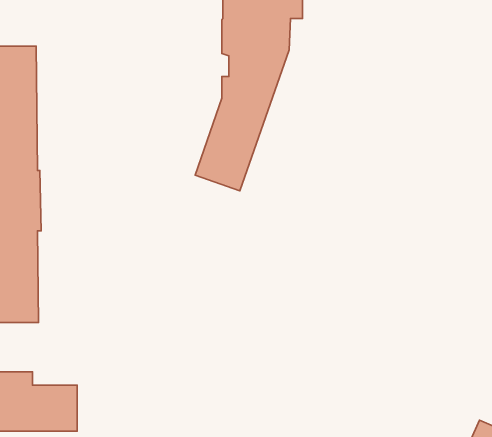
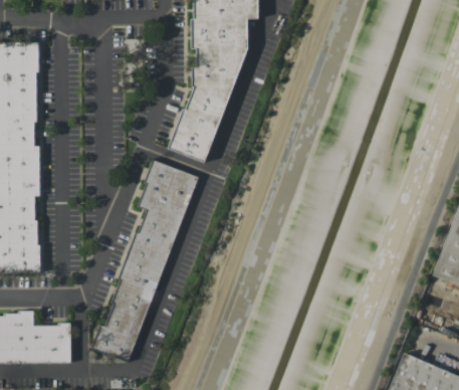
building: none -> [91,161,194,363]

